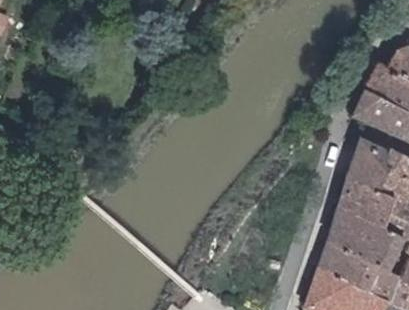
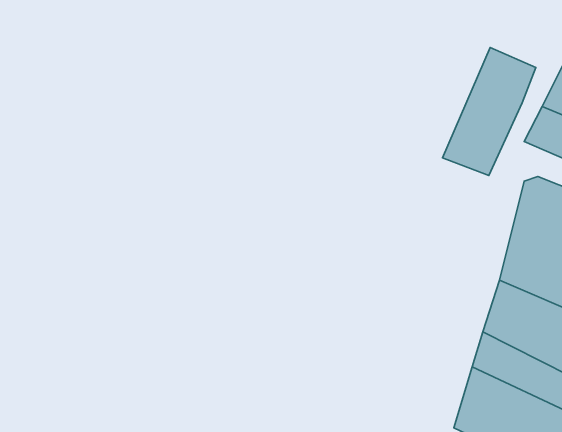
building: none -> [442,47,536,175]

